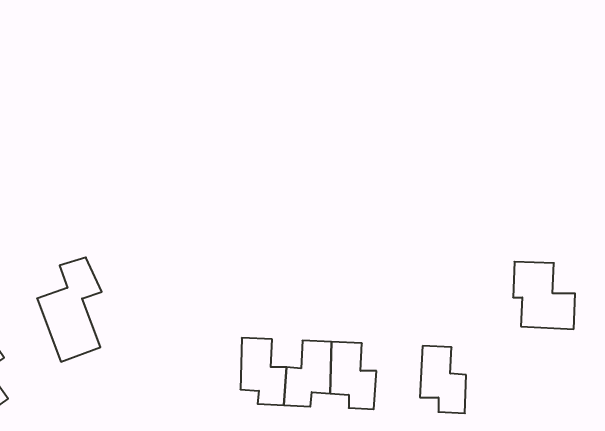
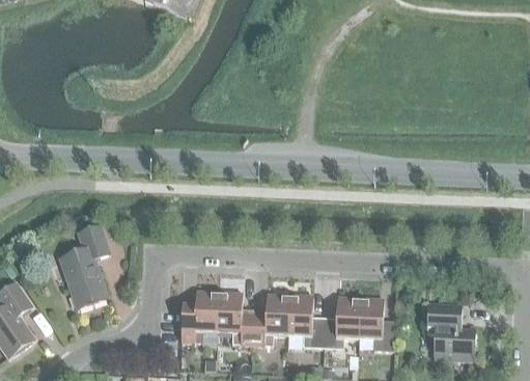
building: [513,262,575,329] -> [427,305,476,358]
building: none -> [180,290,219,342]
building: none -> [323,296,361,348]

